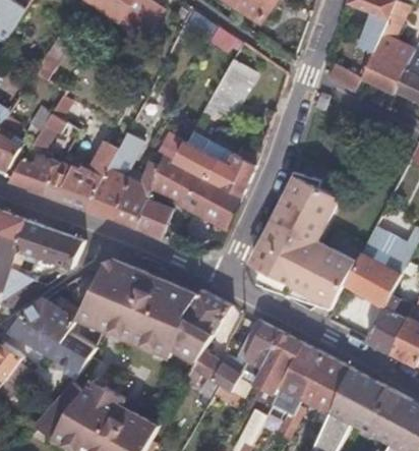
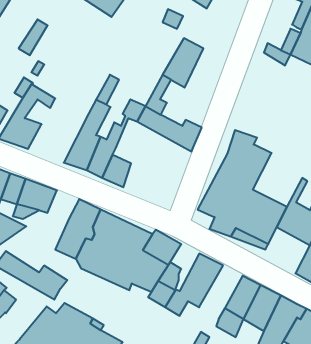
building: [47,140,119,208] -> none
building: [152,155,242,231] -> none
building: [20,298,75,339] -> none
building: [251,331,303,394] -> none

